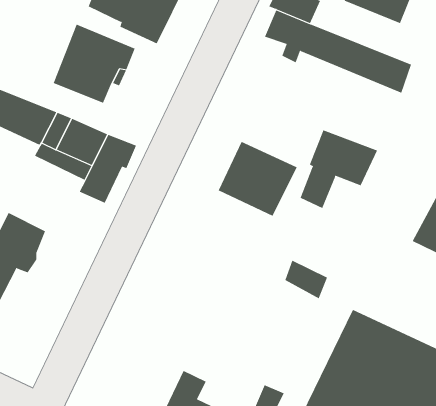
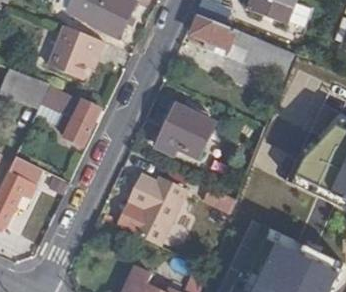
building: [300,130,378,209] -> none
building: none -> [127,175,185,246]

